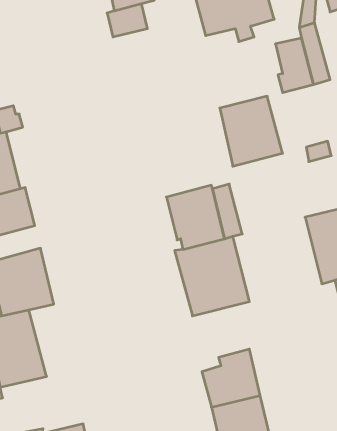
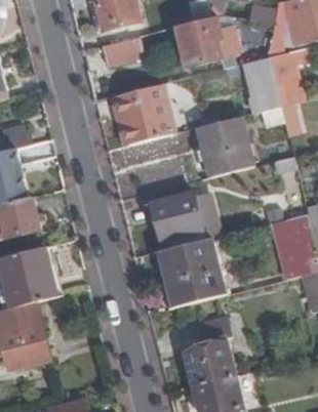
building: none -> [116,84,172,147]

